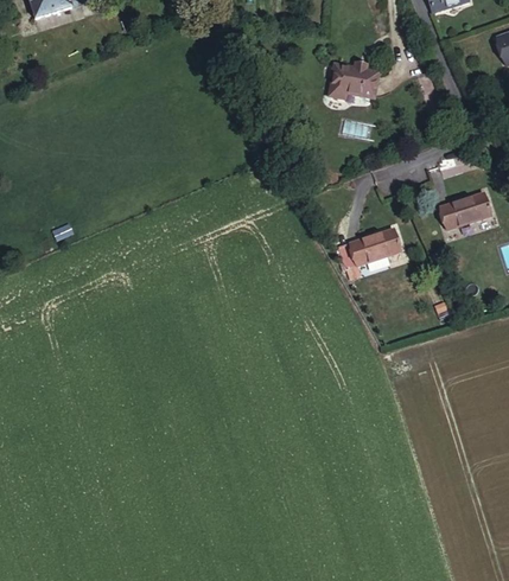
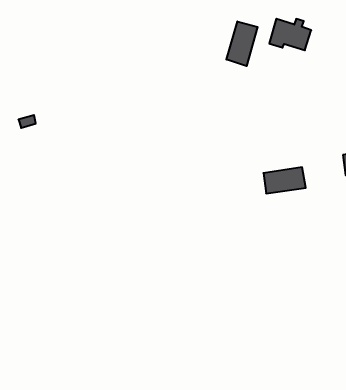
building: none -> [226,21,258,66]

